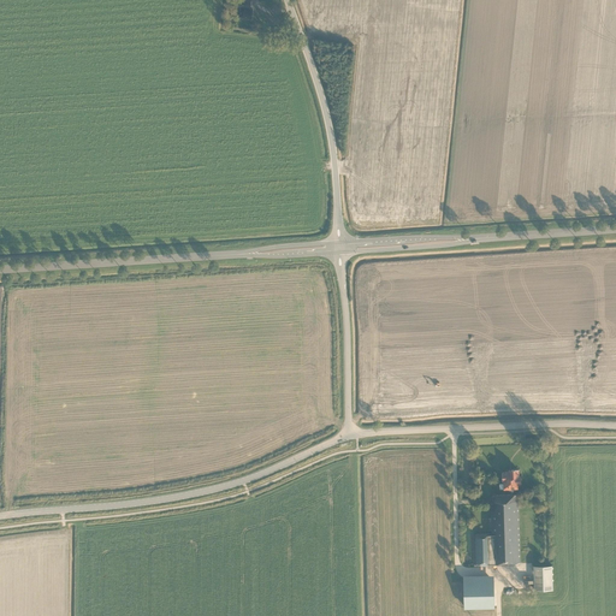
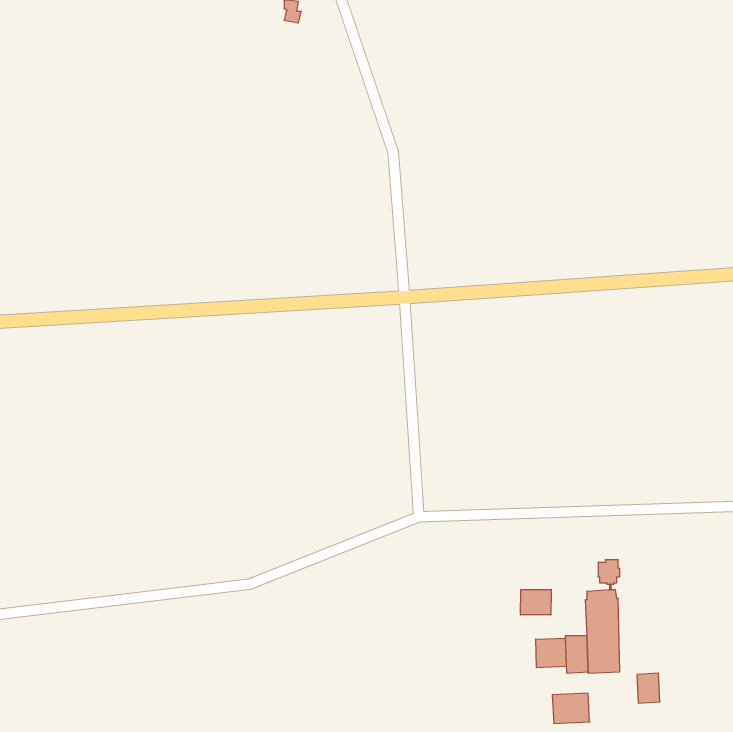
building: none -> [521,589,551,615]
building: none -> [536,638,566,668]

